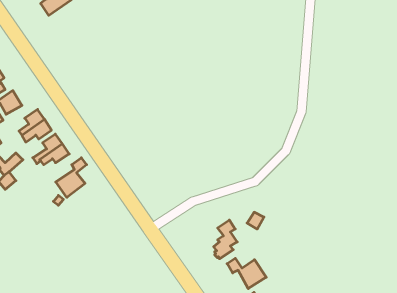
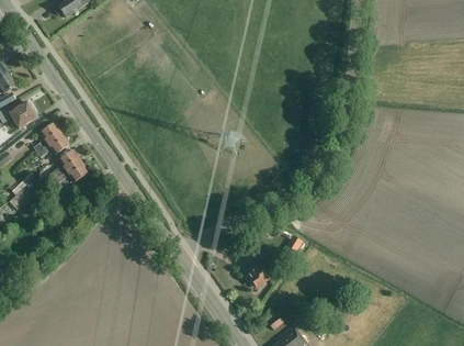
building: [56,158,87,197] -> none
building: [227,258,266,289] -> none

